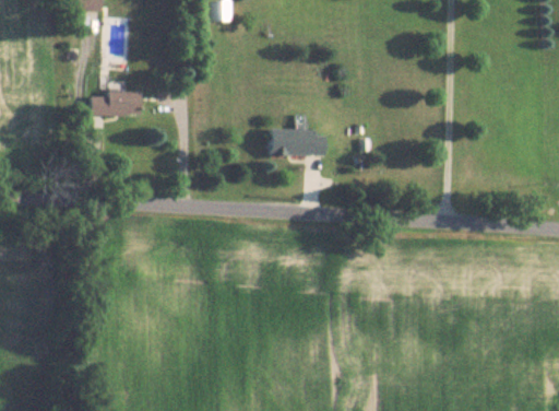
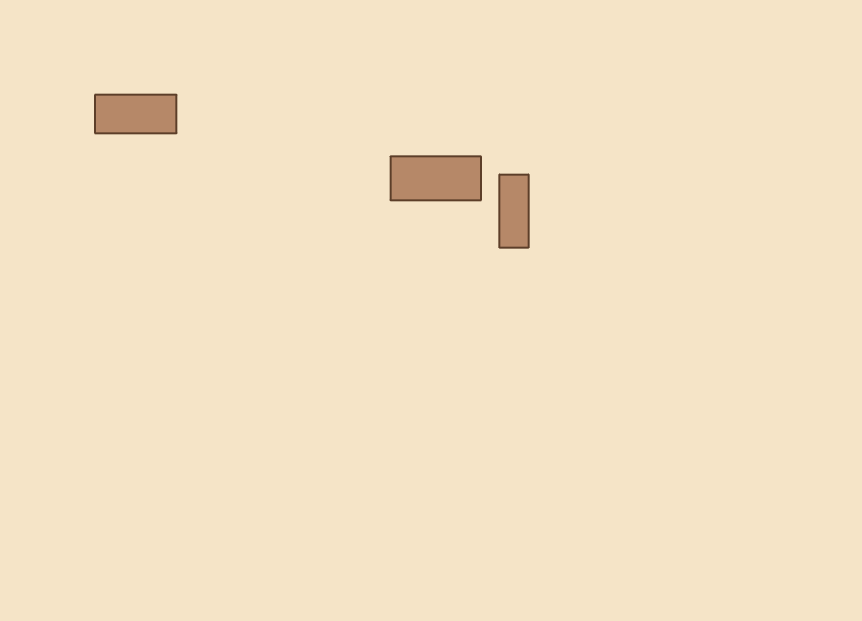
building: none -> [500,174,528,248]

